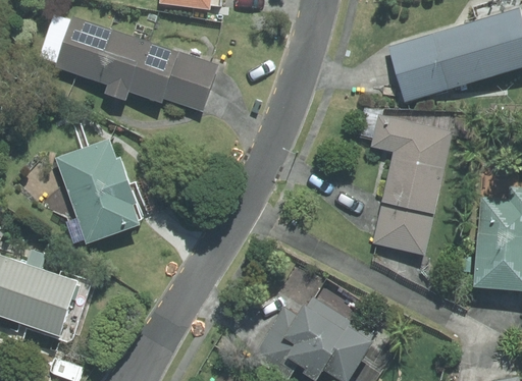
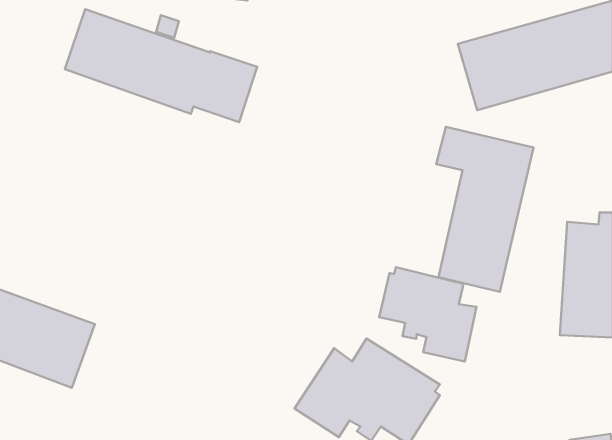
building: [56,139,141,244] -> none
building: none -> [379,267,476,362]

